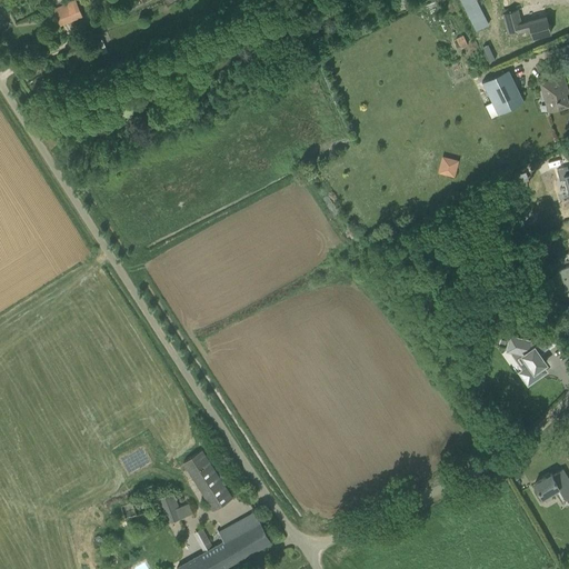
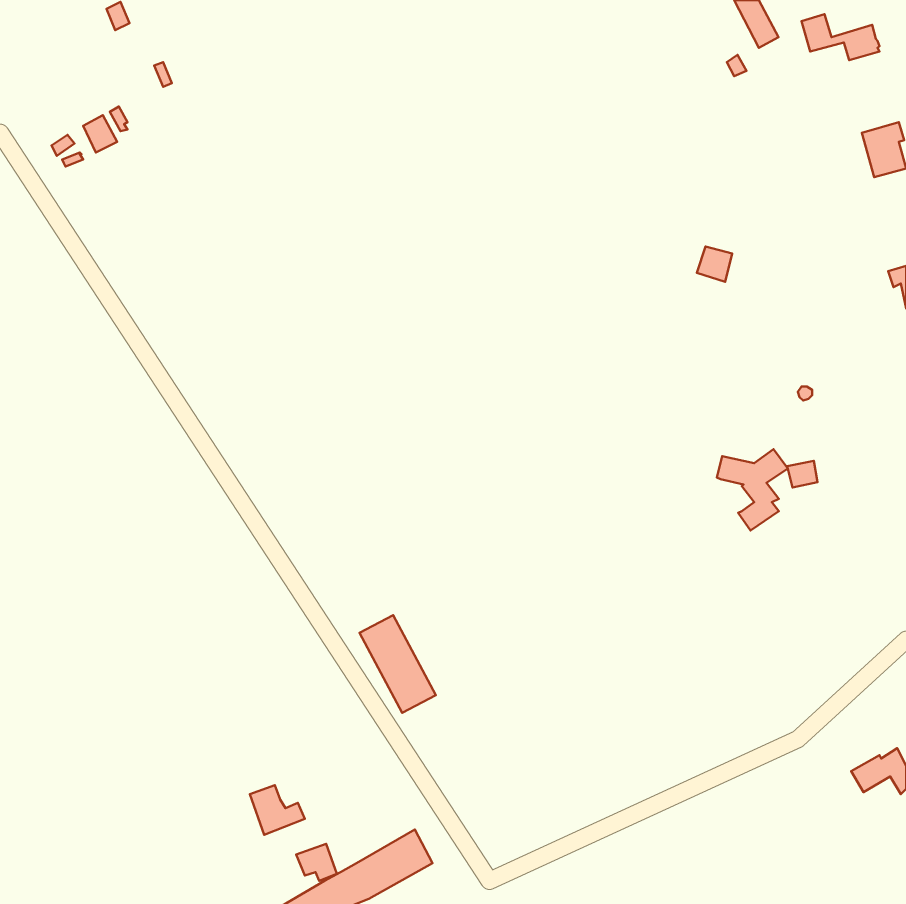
building: [481,70,523,116] -> none
building: [507,333,551,385] -> [717,449,788,531]
building: [186,450,233,511] -> [359,615,436,713]

